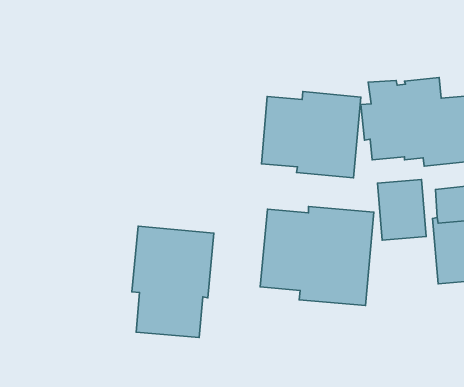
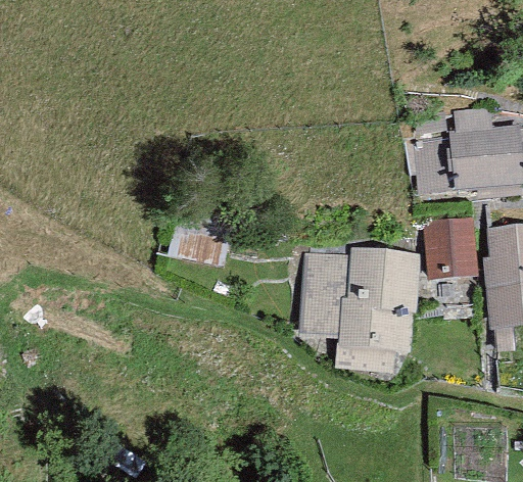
building: [262,92,361,178] -> none
building: [132,226,214,338] -> none

